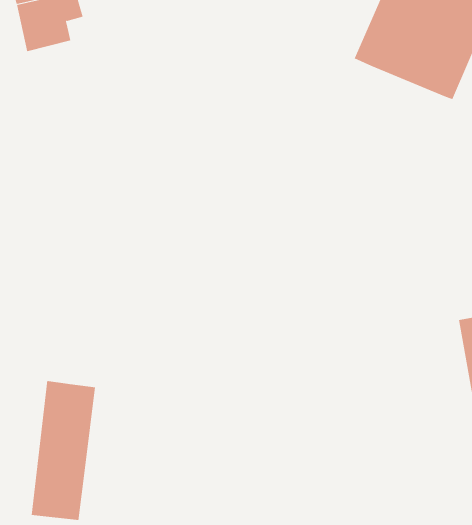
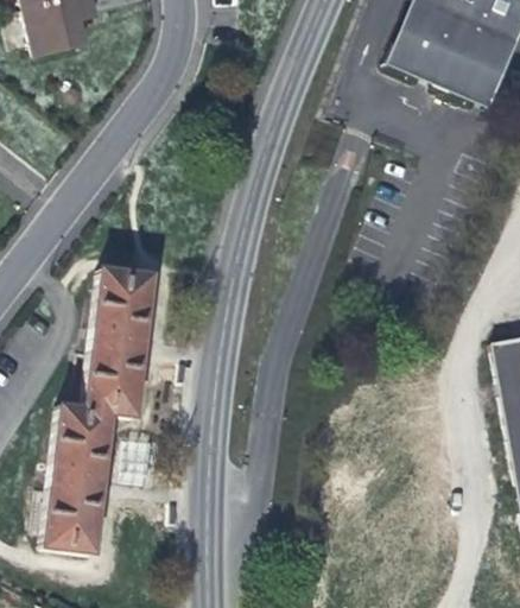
building: none -> [85,266,154,414]

